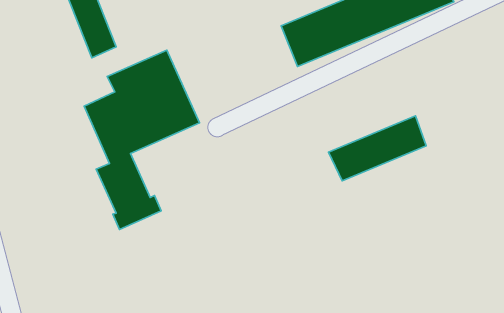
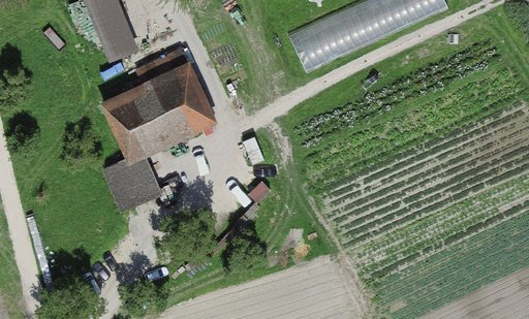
building: [329,116,426,181] -> none

